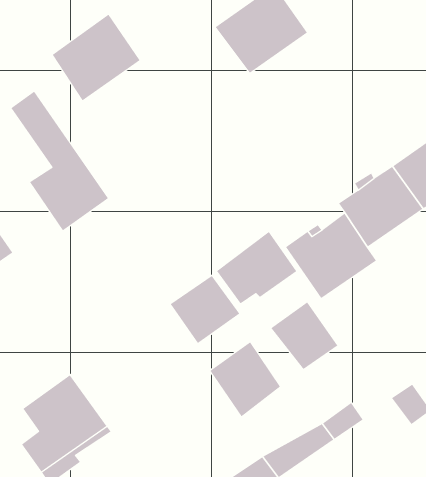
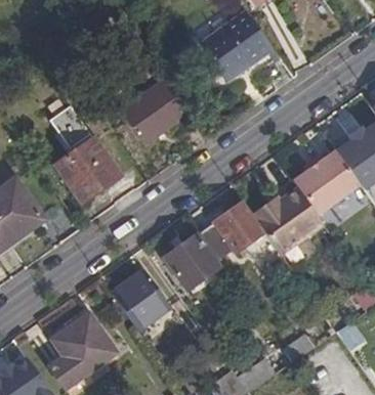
building: [52,14,141,101] -> [120,77,189,144]
building: [270,301,338,370] -> none
building: [209,342,281,417] -> [113,272,168,331]

